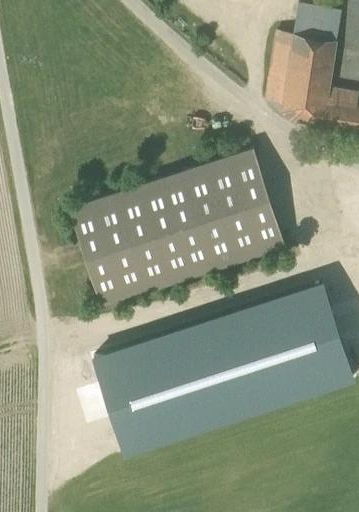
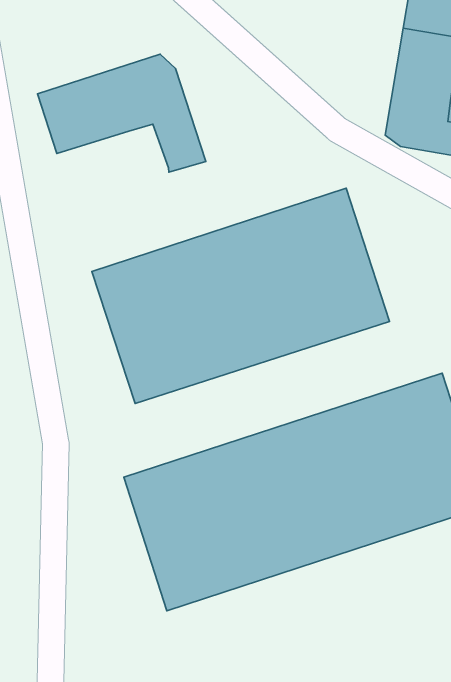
building: [267,32,294,112] -> none
building: none -> [37,54,206,172]

